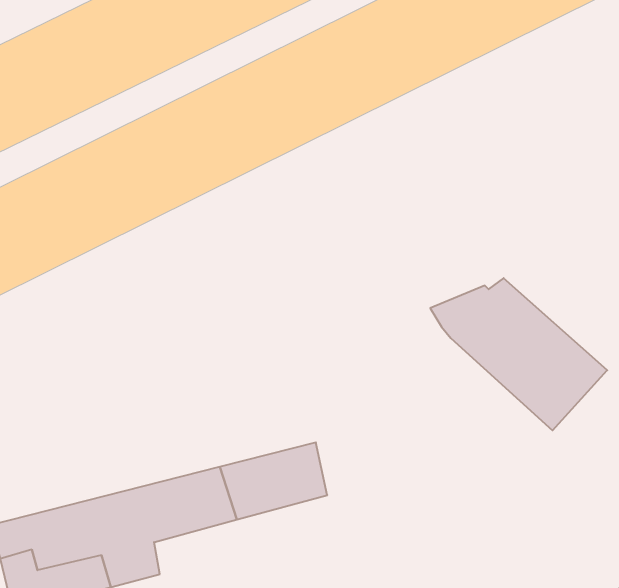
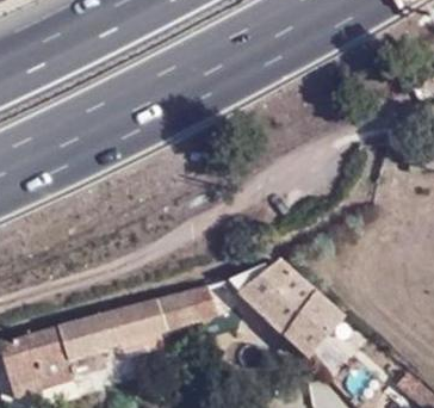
building: [430,278,607,430] -> [230,260,342,357]

